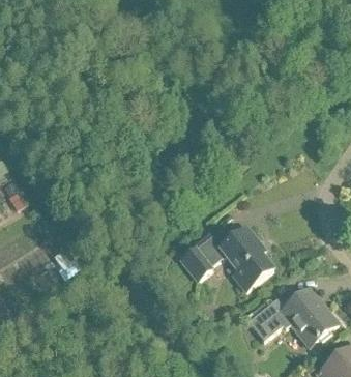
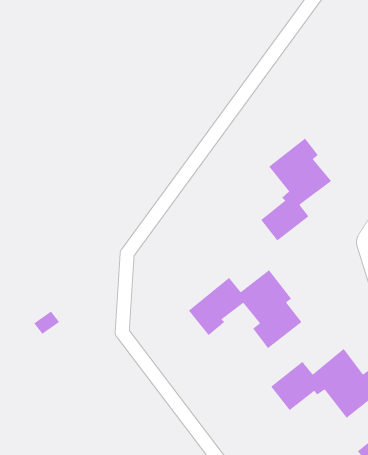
building: none -> [260,138,332,242]

